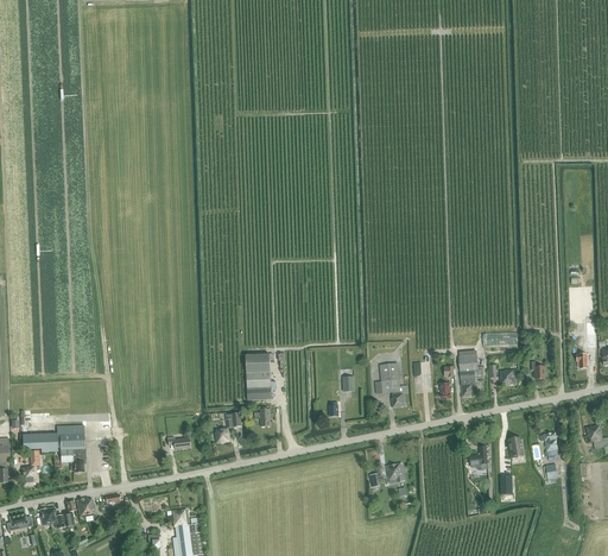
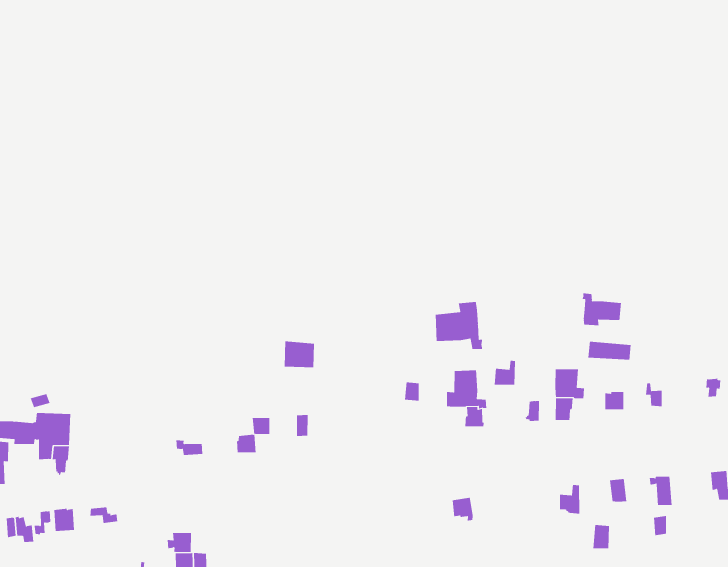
building: none -> [582,292,622,326]
building: none -> [435,301,483,350]
building: [246,372,271,400] -> none

